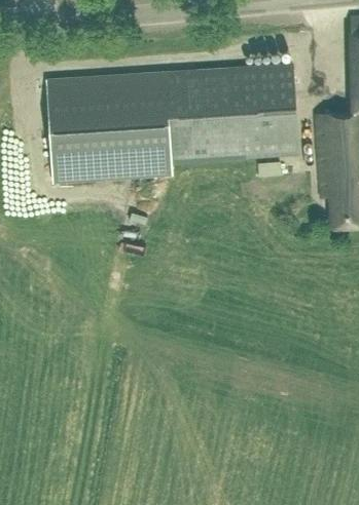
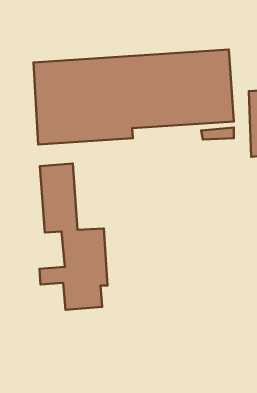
building: none -> [39,164,108,310]

